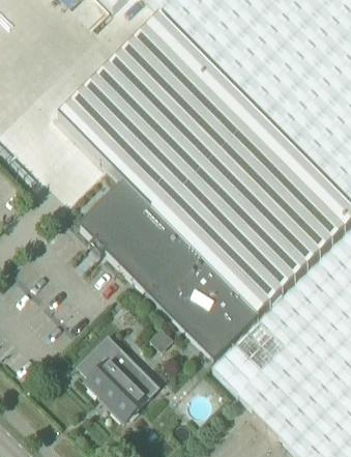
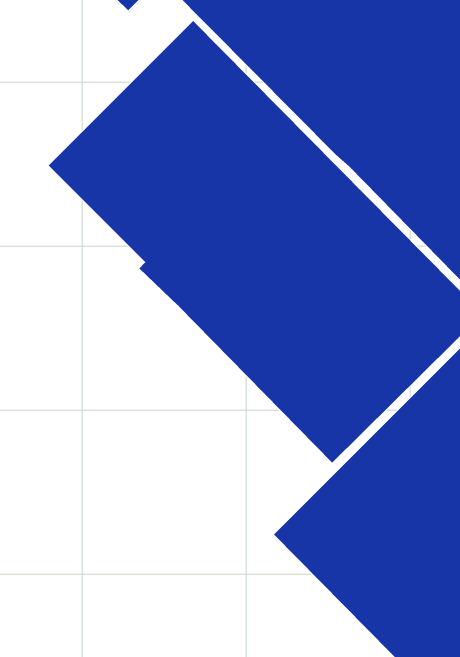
building: [81,185,252,358] -> none
building: [77,335,157,419] -> none

